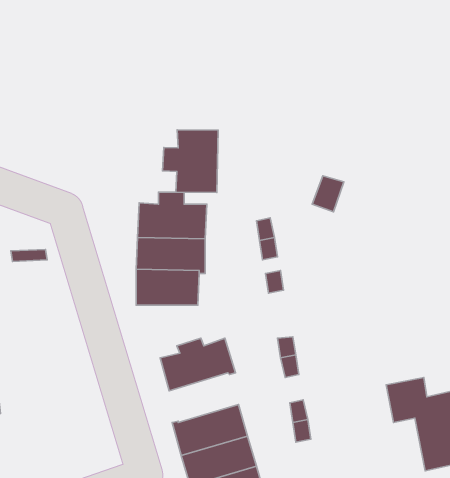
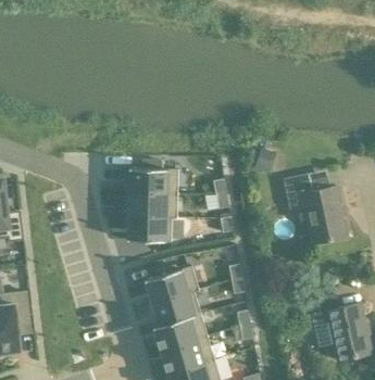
building: [163,130,218,192] -> none
building: none -> [282,175,346,244]
building: none -> [151,291,201,327]

